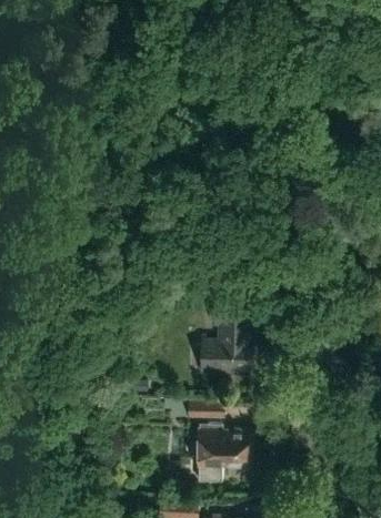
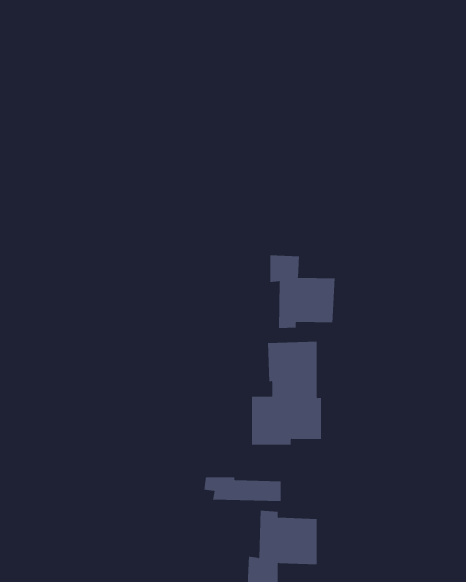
building: none -> [270,254,335,329]

